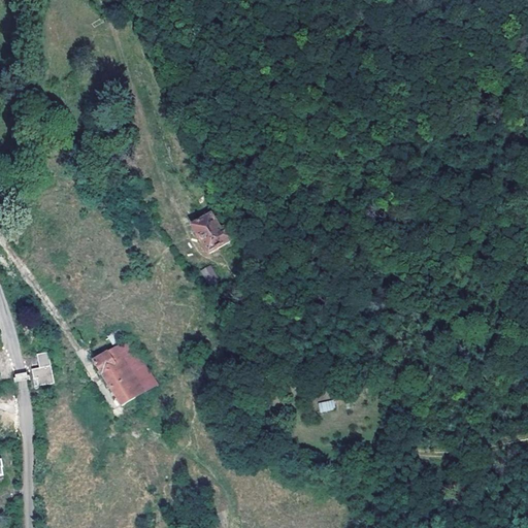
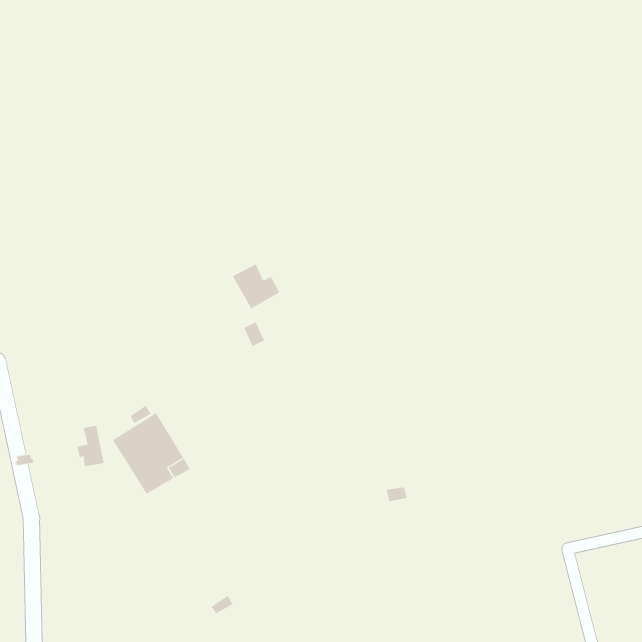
building: [30,351,53,385] -> [77,425,104,467]

